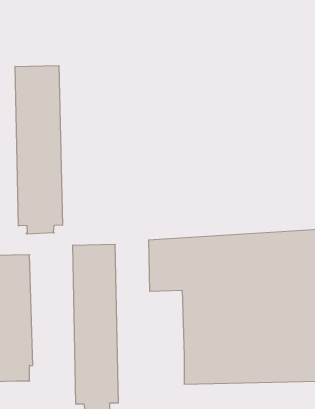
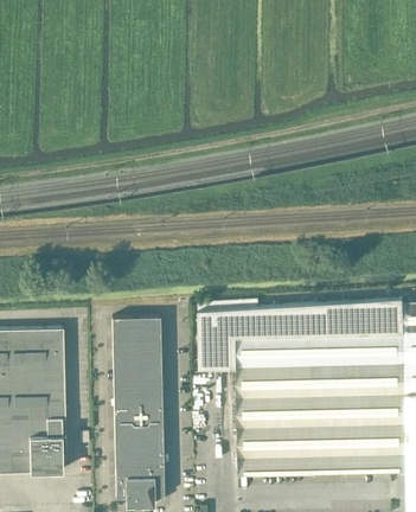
building: [15,66,62,234] -> none

